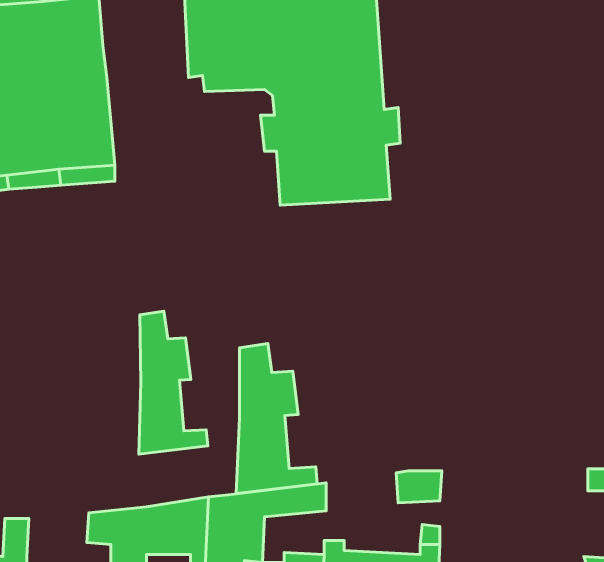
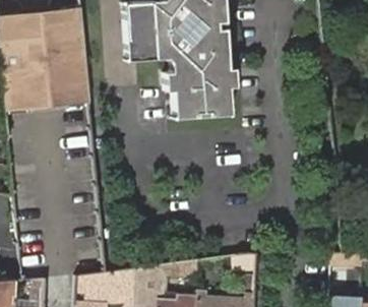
building: [139,311,208,454] -> none
building: [236,344,317,493] -> none

